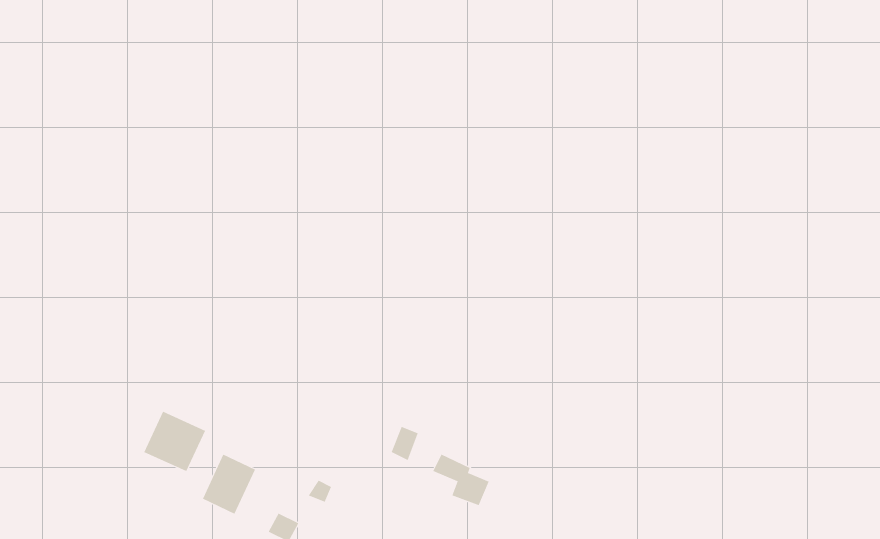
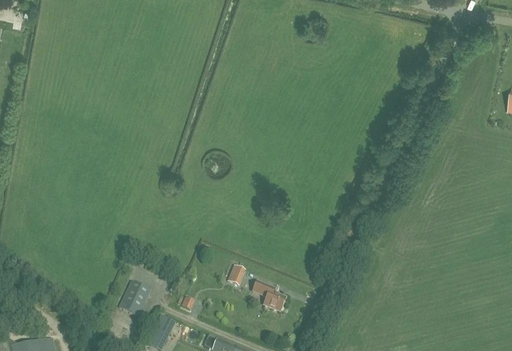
building: [144,411,206,472] -> none

